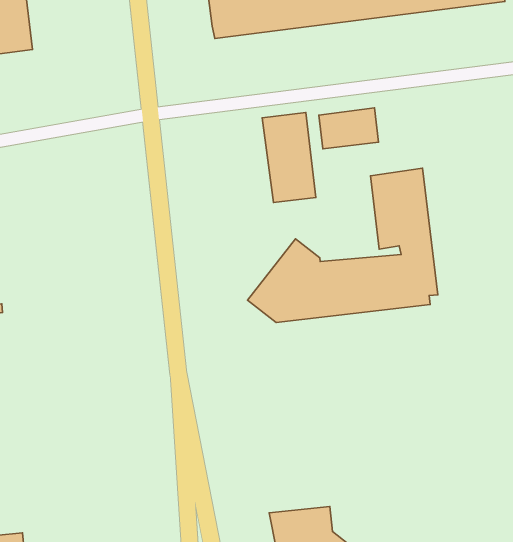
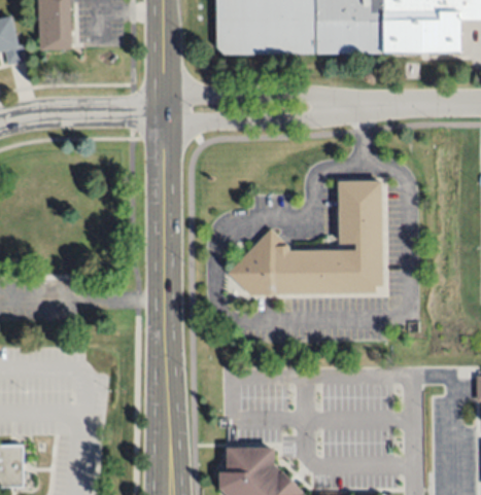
building: [319,108,379,149] -> none
building: [262,113,316,203] -> none

